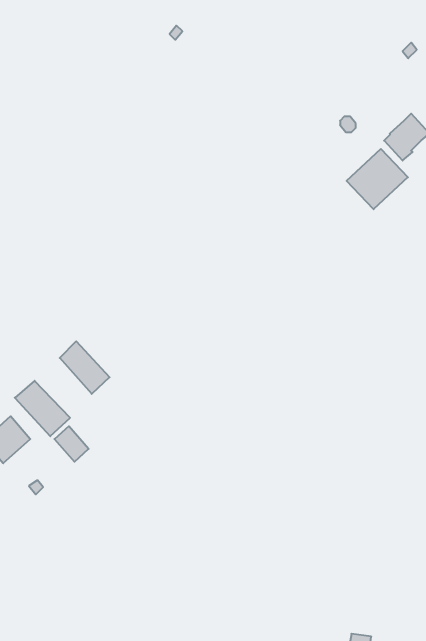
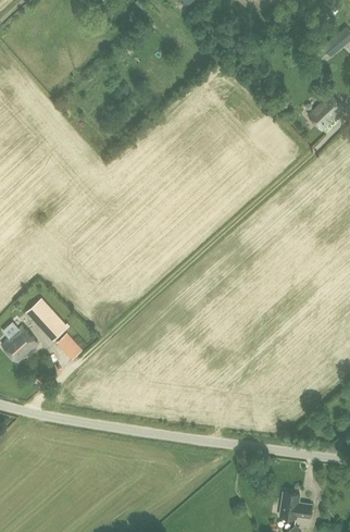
building: [347,149,408,209] -> none
building: [60,341,110,394] -> none

